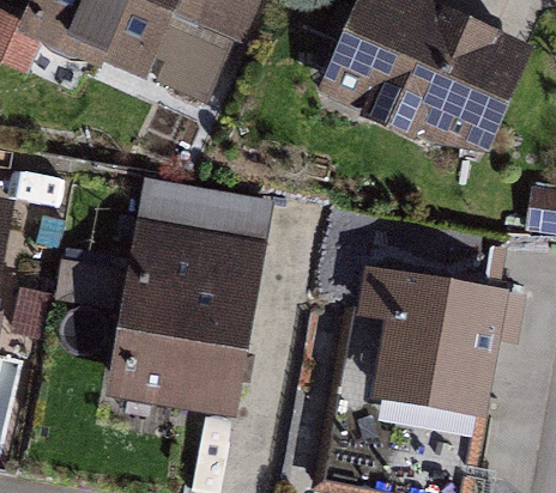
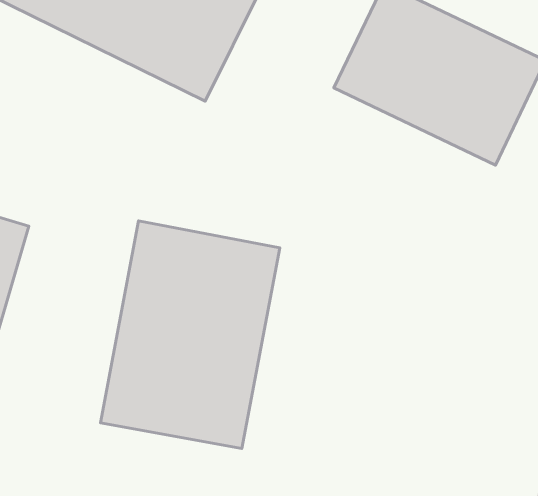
building: [365,280,488,440] -> none

